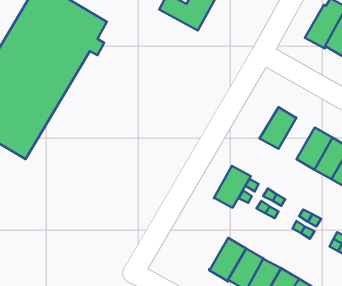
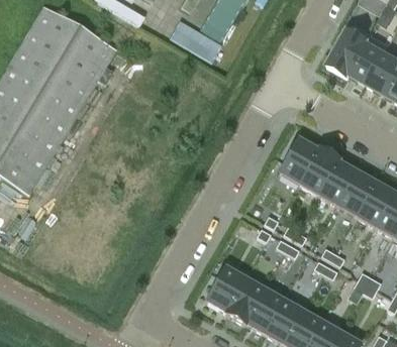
building: none -> [299,148,338,195]
building: [214,166,251,208] -> [206,267,245,312]

